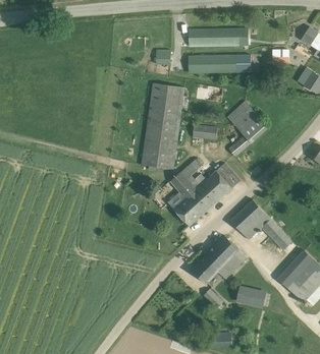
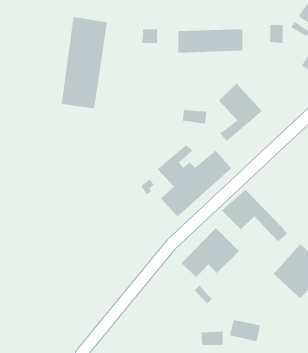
building: [189,28,250,46] -> none
building: [141,82,184,169] -> [61,16,108,109]
building: [235,286,265,307] -> [229,319,260,342]

